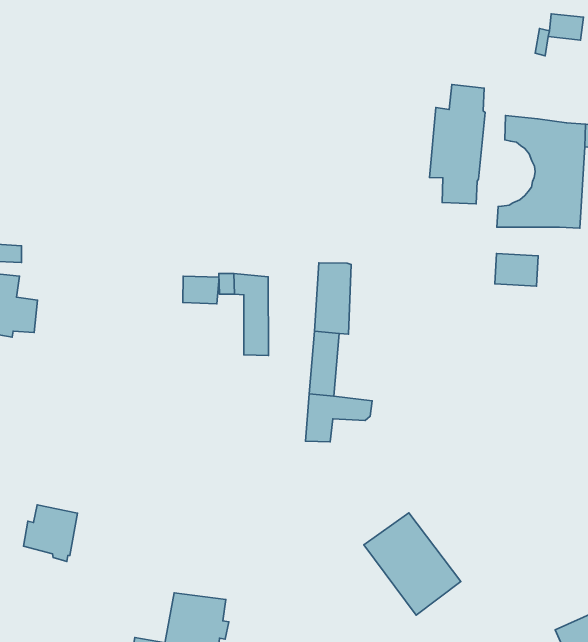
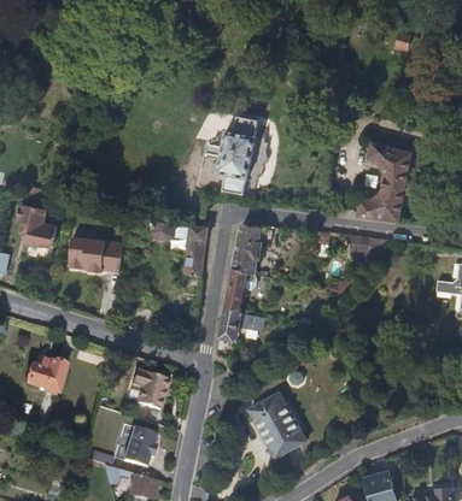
building: [430,85,485,204] -> [217,116,259,194]
building: none -> [70,236,124,272]
building: none -> [131,371,168,409]

